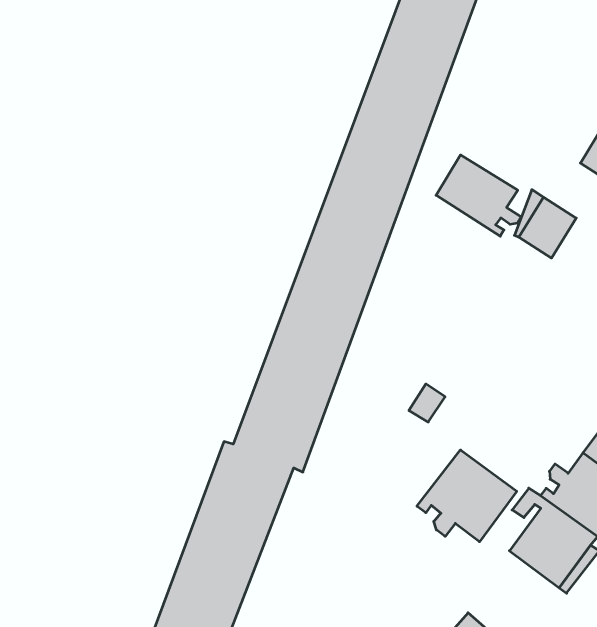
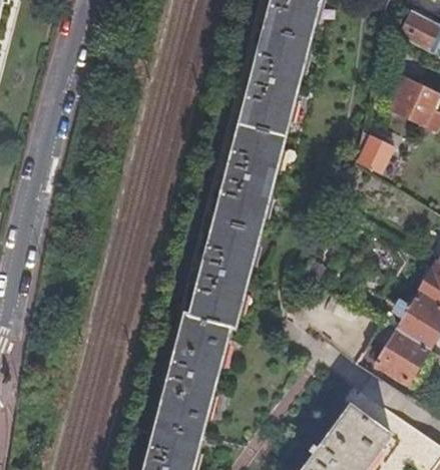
building: [436,155,521,236] -> none
building: [417,450,517,542] -> none

